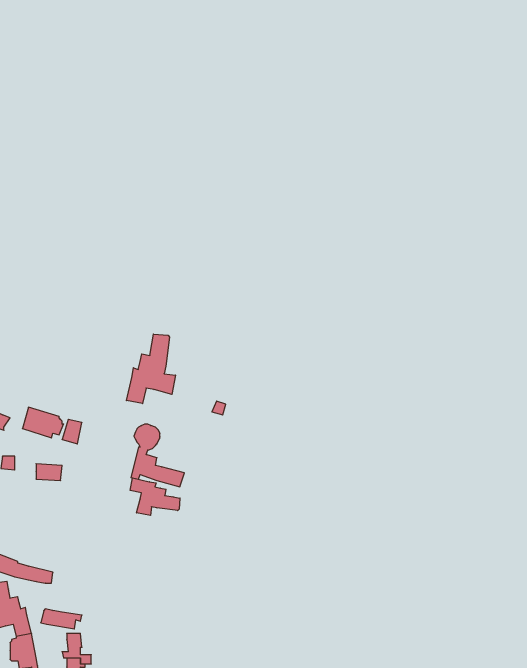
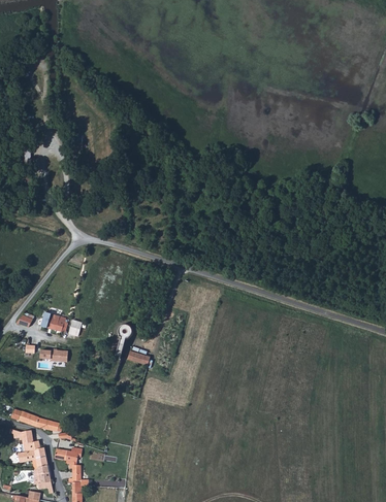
building: [126,334,175,404] -> none
building: [130,478,180,515] -> none

